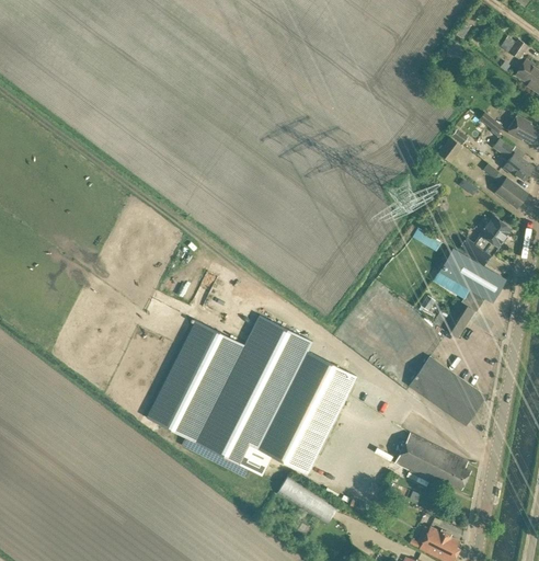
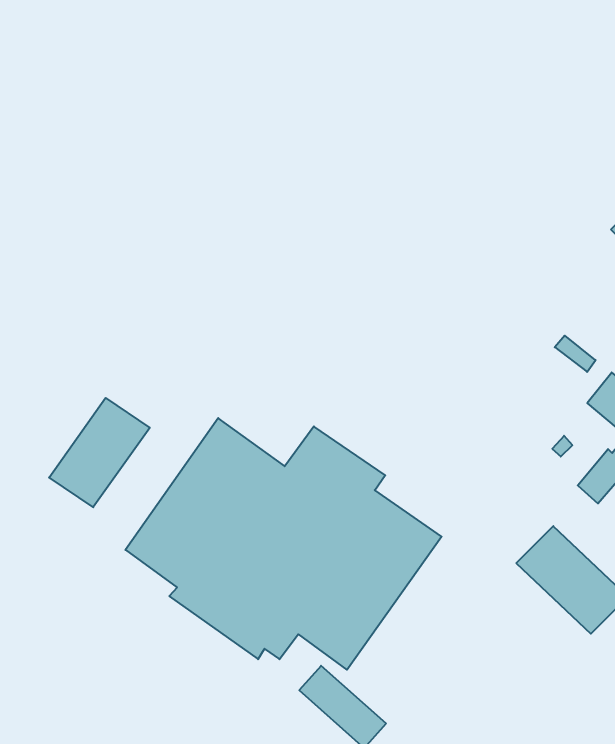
building: none -> [49,398,150,507]
building: [394,433,470,489] -> none

